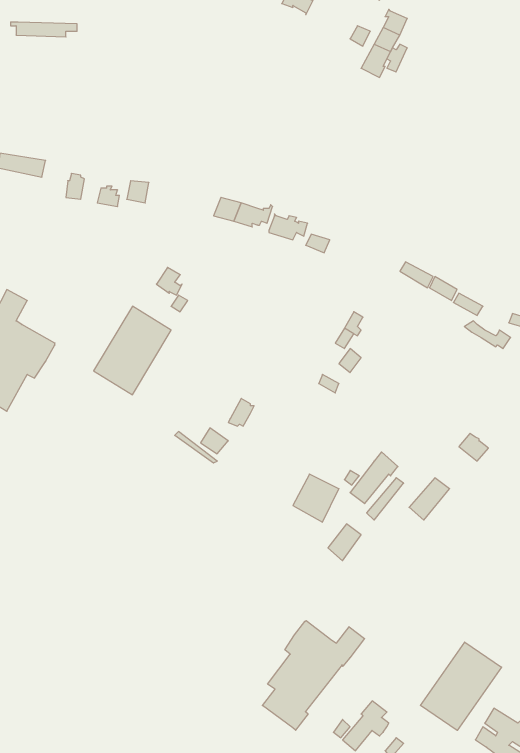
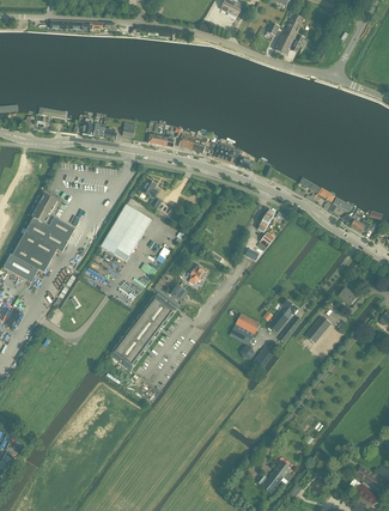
building: none -> [110,293,176,367]
building: [262,621,365,730] -> none
building: [420,642,502,730] -> none

